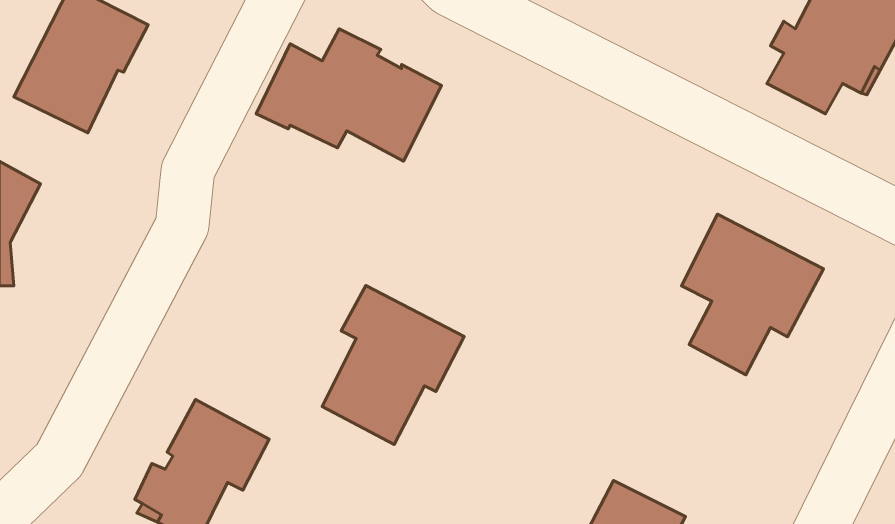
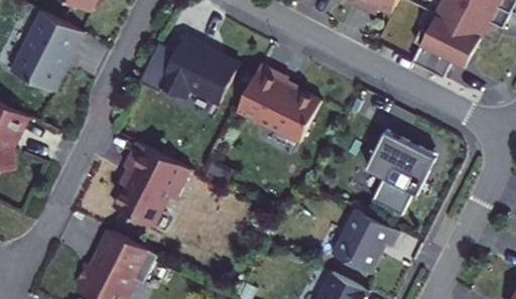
building: none -> [236,64,319,143]
building: [322,286,464,444] -> [112,142,187,227]
building: none -> [331,210,398,276]

